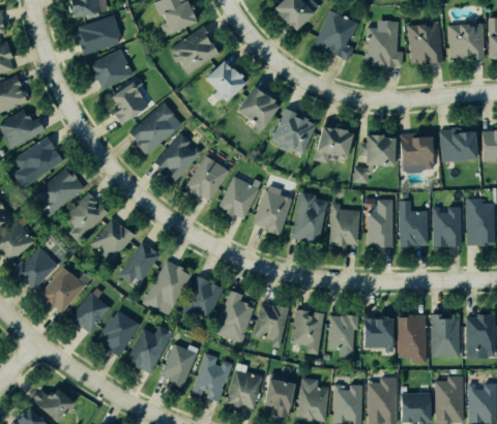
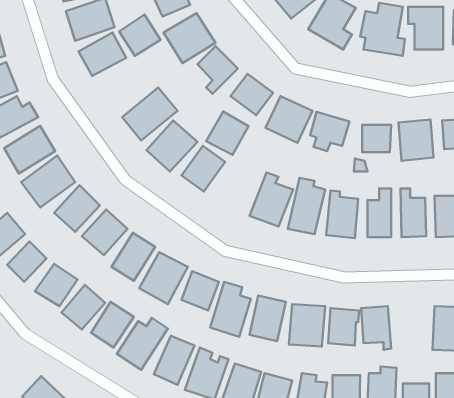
building: [107,82,147,122] -> [119,14,160,56]
building: [217,177,259,219] -> [206,111,249,155]
building: [398,316,427,364] -> none

